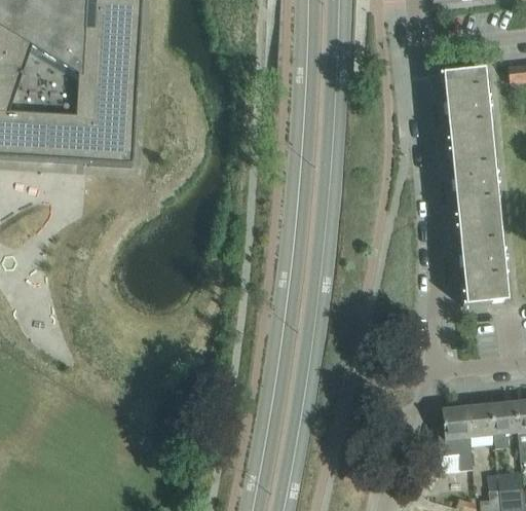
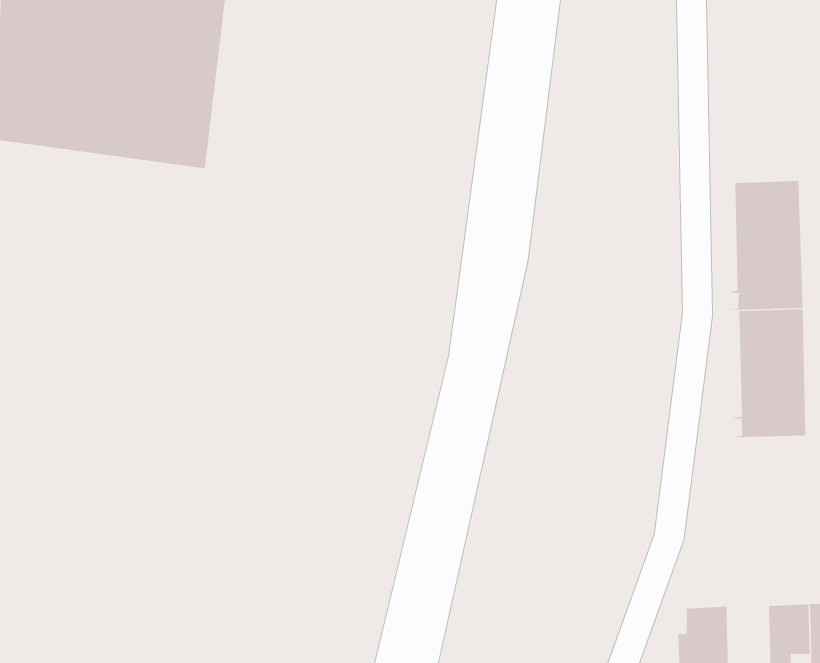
building: [440,67,491,148] -> none
building: [466,402,494,434] -> none

